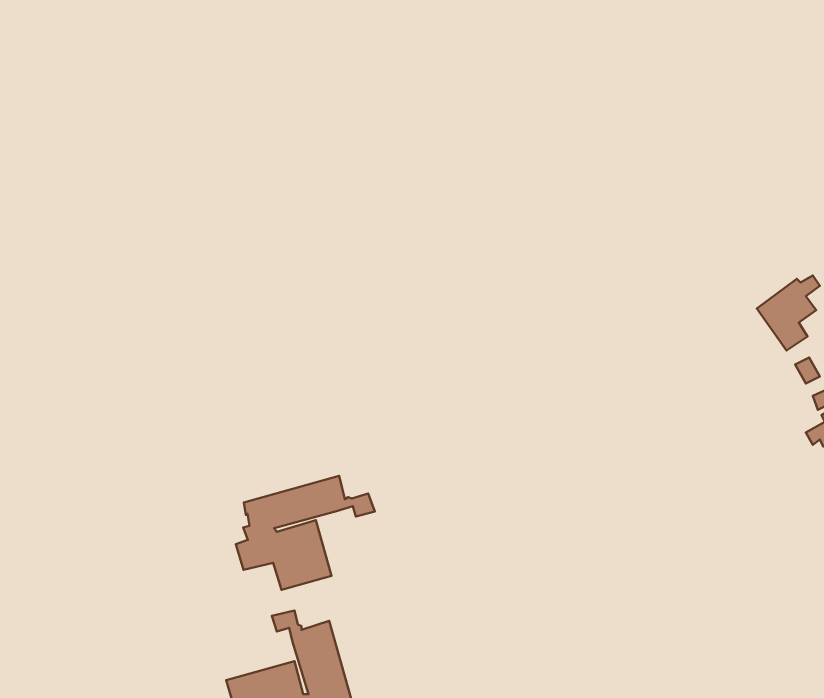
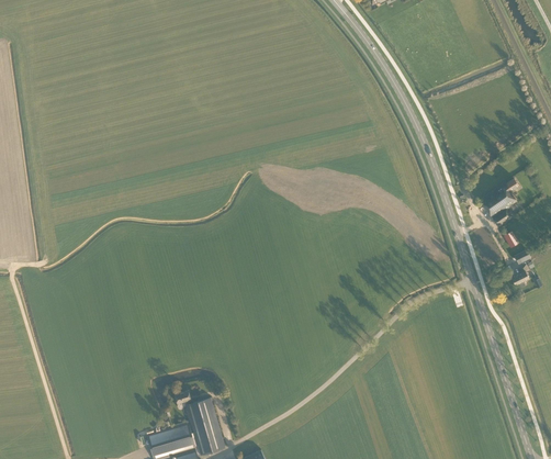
building: [236,476,375,590] -> none

